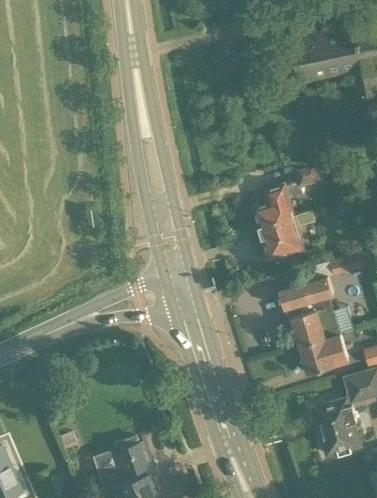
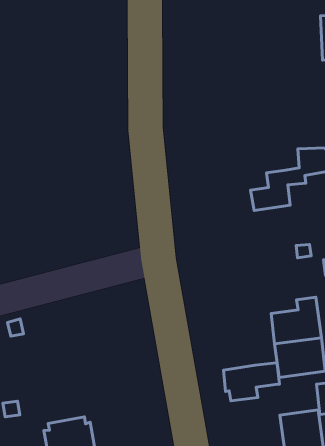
building: [260,211,315,259] -> none
building: [279,277,332,318] -> [223,363,280,401]

